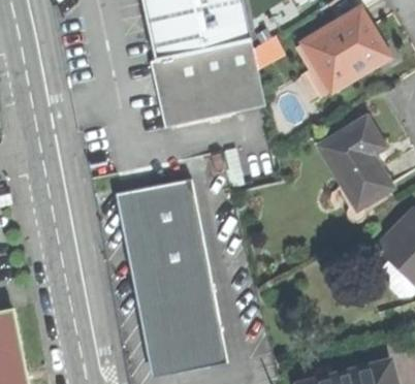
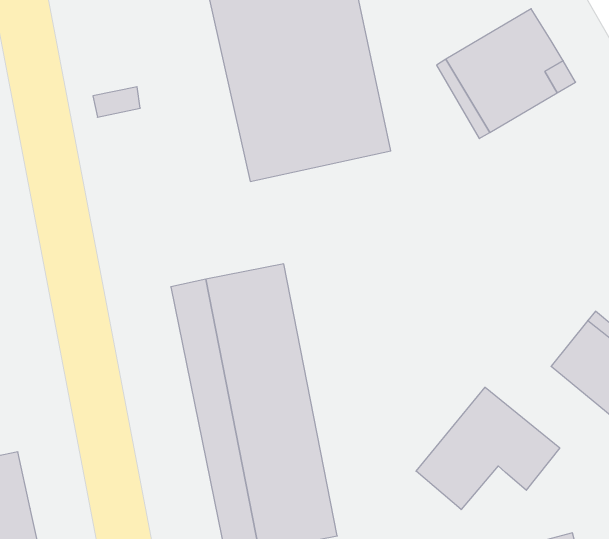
building: [320,117,391,207] -> none
building: none -> [416,387,560,510]

